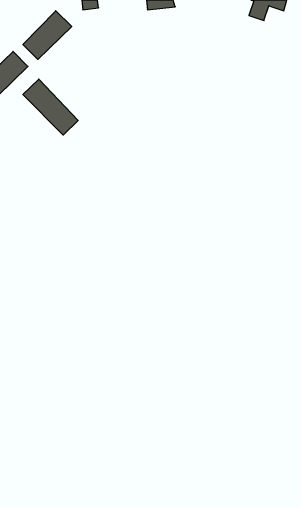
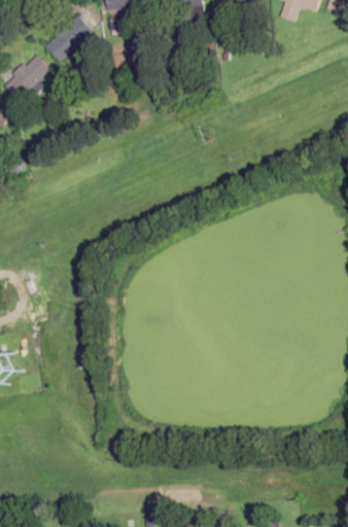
building: [23,79,78,135] -> none

